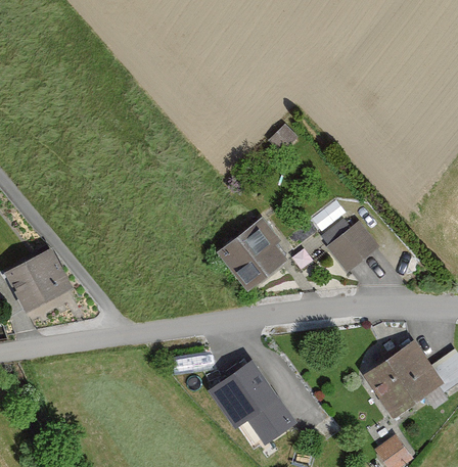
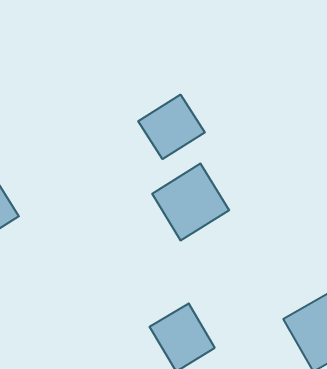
building: none -> [138,95,205,159]
building: [322,218,379,273] -> none

